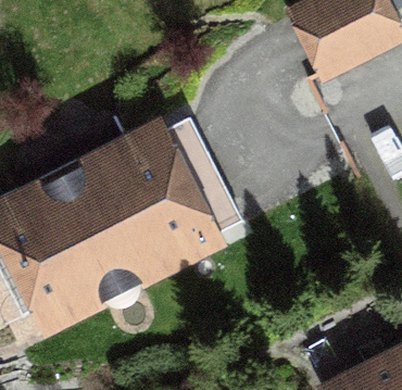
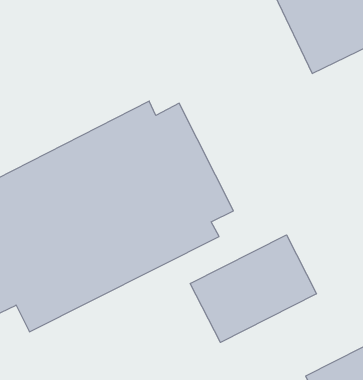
building: none -> [190,235,316,342]

